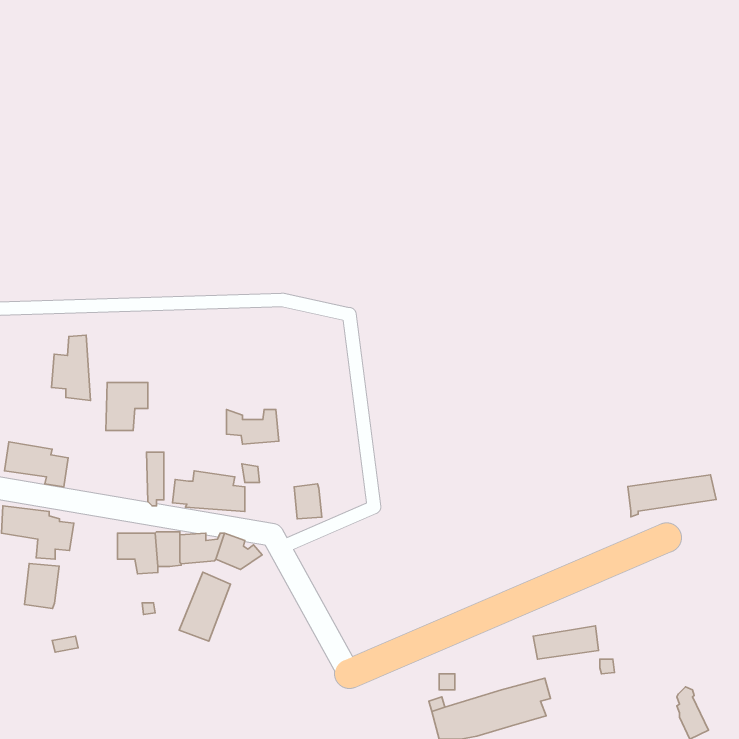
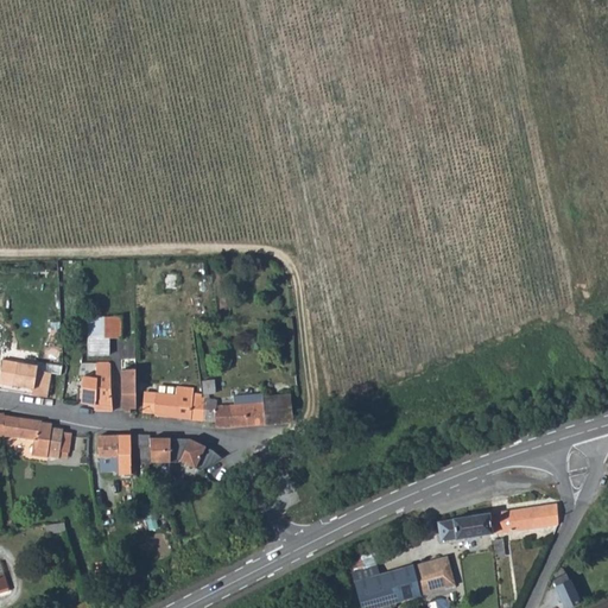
building: [51,335,91,400] -> [81,361,113,414]
building: [227,409,279,444] -> [201,399,243,428]
building: [628,475,716,517] -> [488,504,560,538]
building: none -> [261,400,291,424]
building: [24,564,59,609] -> none
building: [179,572,231,641] -> none

